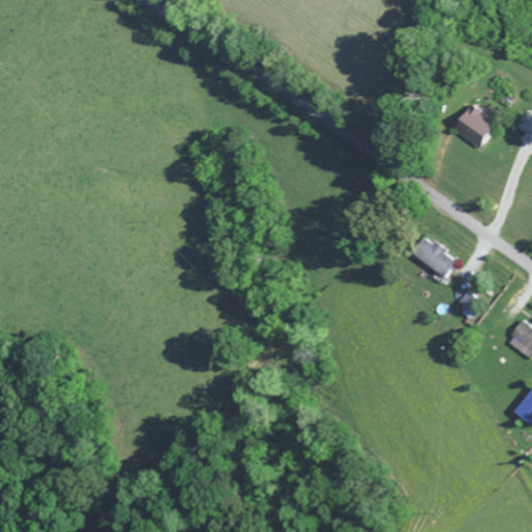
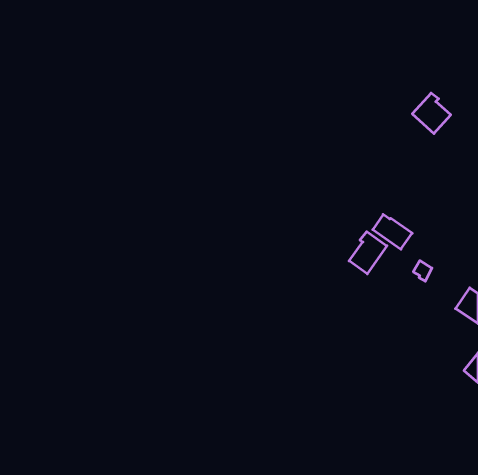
building: none -> [349,232,387,274]

